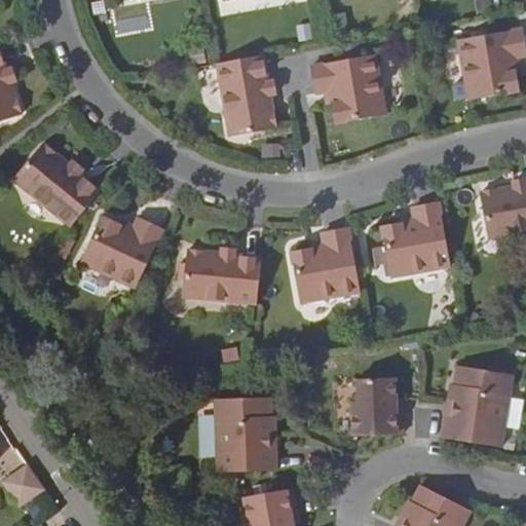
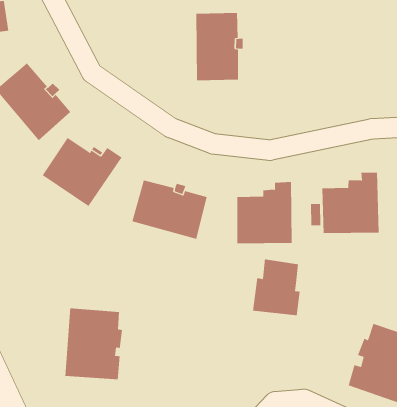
building: [312,60,387,127] -> none
building: [352,377,403,435] -> [252,259,300,316]
building: [212,397,276,475] -> [64,308,123,380]

